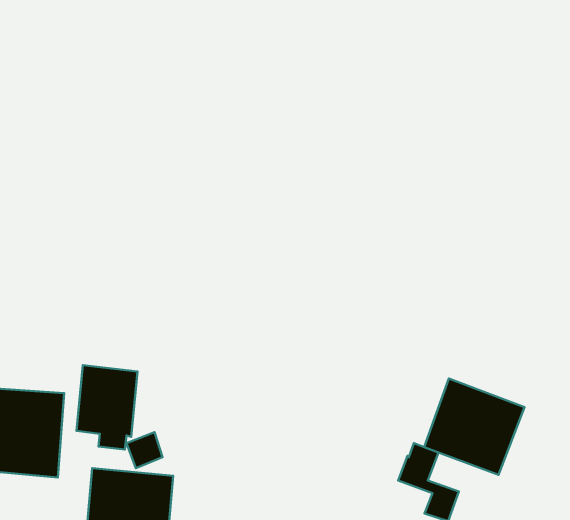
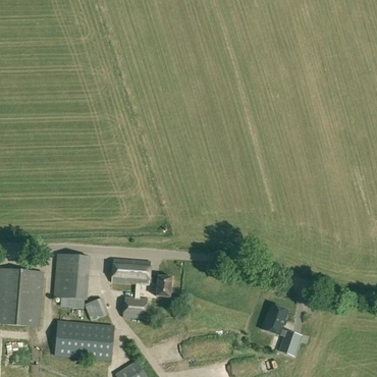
building: none -> [110,258,171,318]
building: [424,379,525,475] -> none

